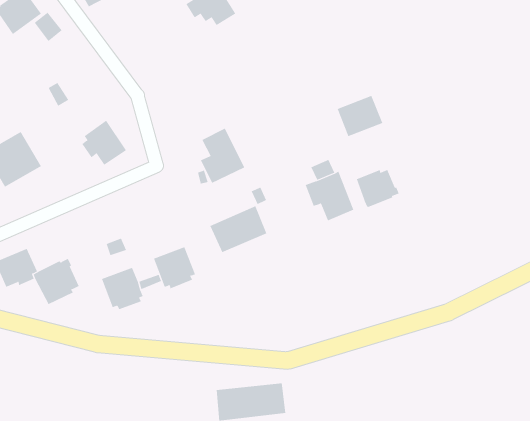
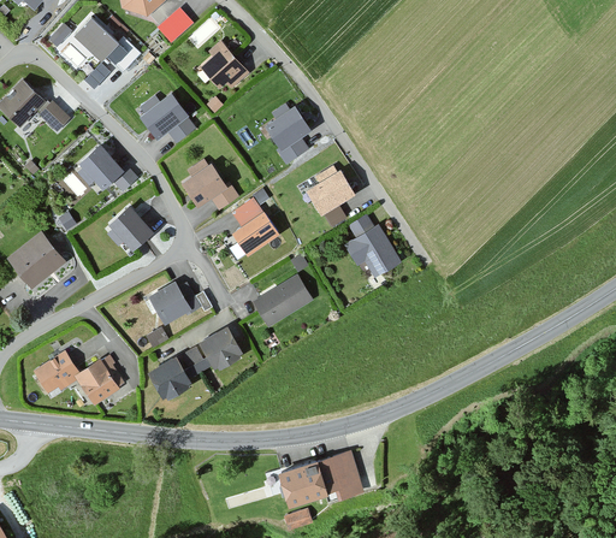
building: none -> [137,93,195,140]
building: none -> [263,106,312,164]
building: none -> [78,143,137,193]
building: none -> [184,159,238,208]
building: [337,95,383,137] -> [306,169,356,215]
building: [356,169,399,208] -> none
building: none -> [149,280,200,325]

